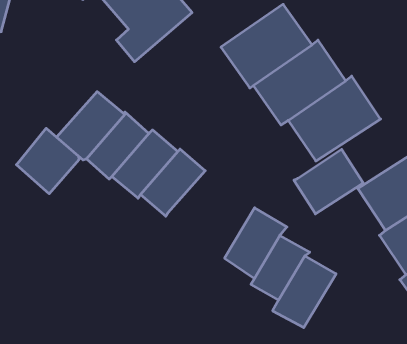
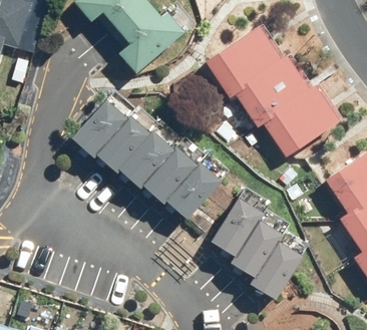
building: [16,128,79,194] -> none
building: [294,149,363,214] -> none
building: none -> [163,161,219,220]

